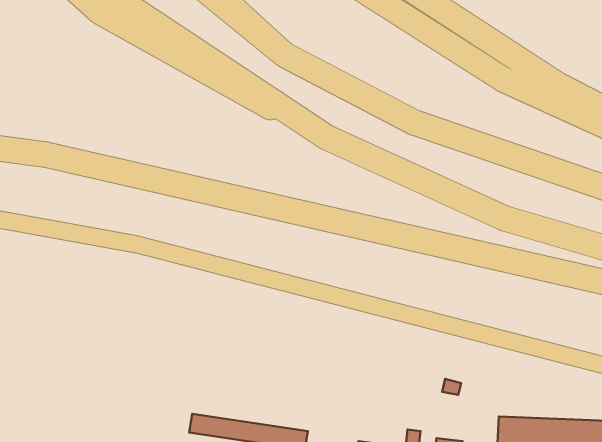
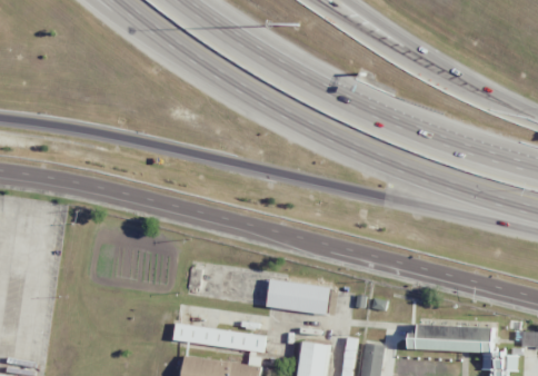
building: none -> [269,279,330,314]

